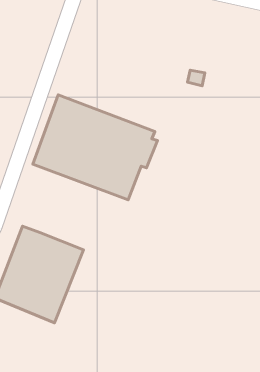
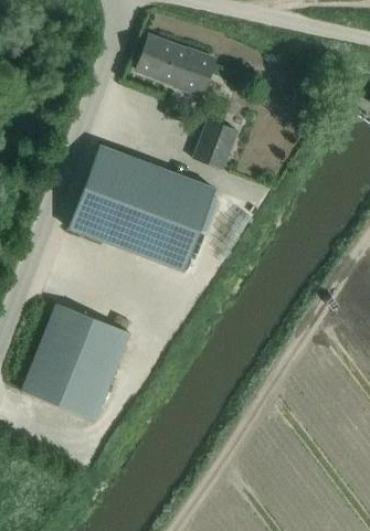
building: none -> [136,35,214,96]
building: none -> [192,119,239,171]

